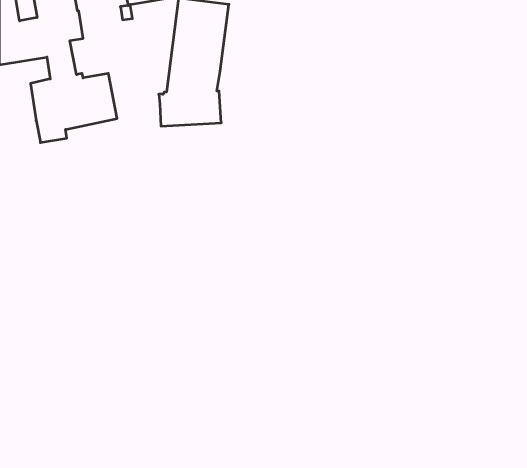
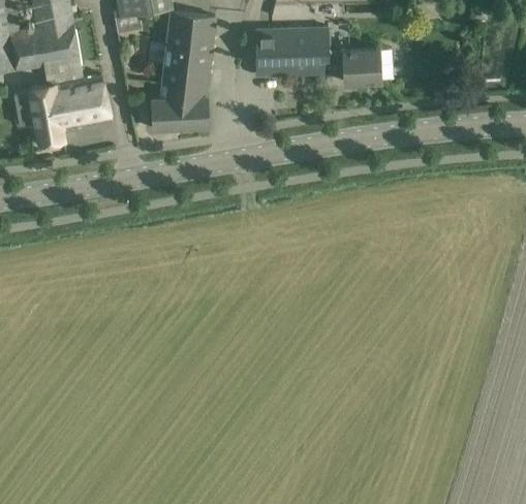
building: none -> [253,25,379,83]

